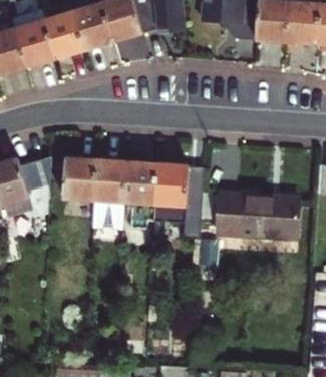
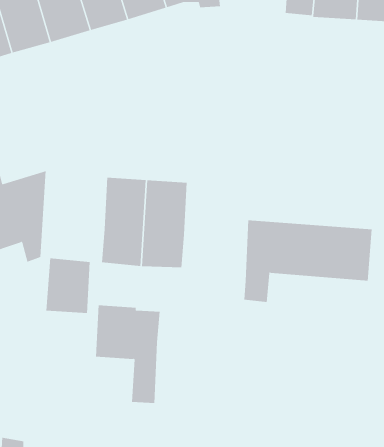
building: [64,157,98,200] -> [45,258,91,314]
building: [157,164,207,239] -> [95,305,160,403]

